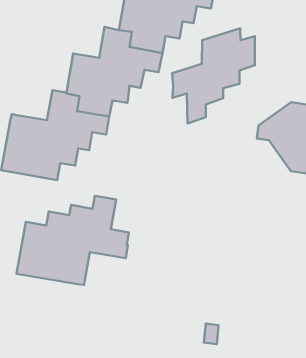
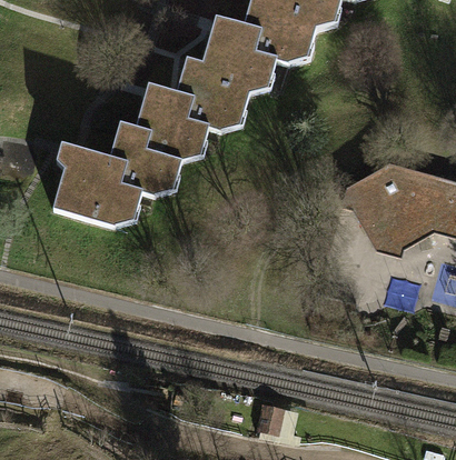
building: [172,29,255,123] -> none
building: [17,196,129,285] -> none

